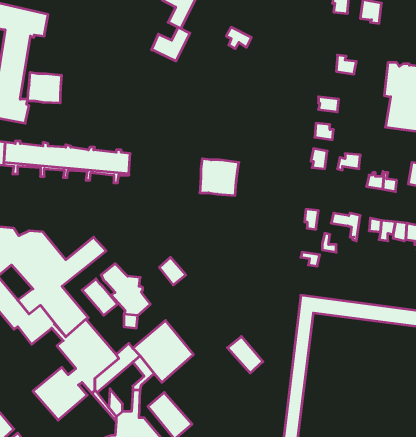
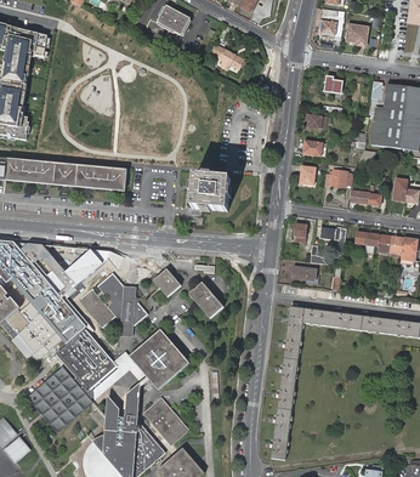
building: [152,27,190,61] -> none
building: [28,72,61,103] -> none
building: [227,336,263,373] -> [188,282,222,317]

